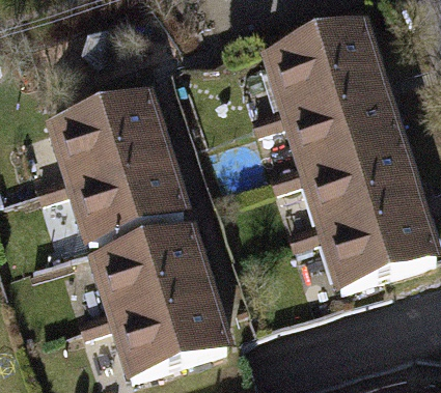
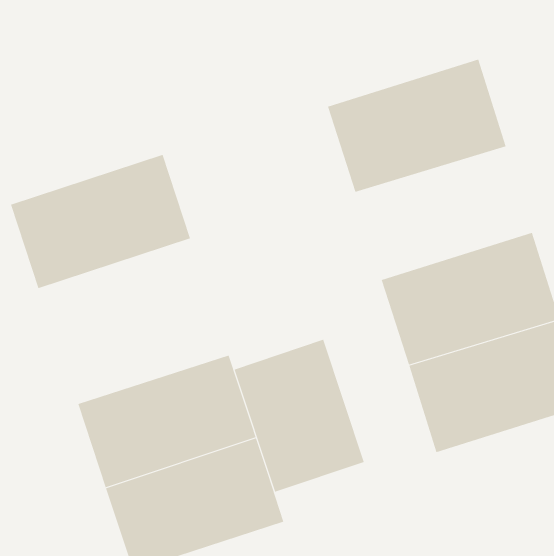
building: [283,102,404,192] -> none
building: [68,164,191,254] -> none
building: none -> [234,339,365,492]

